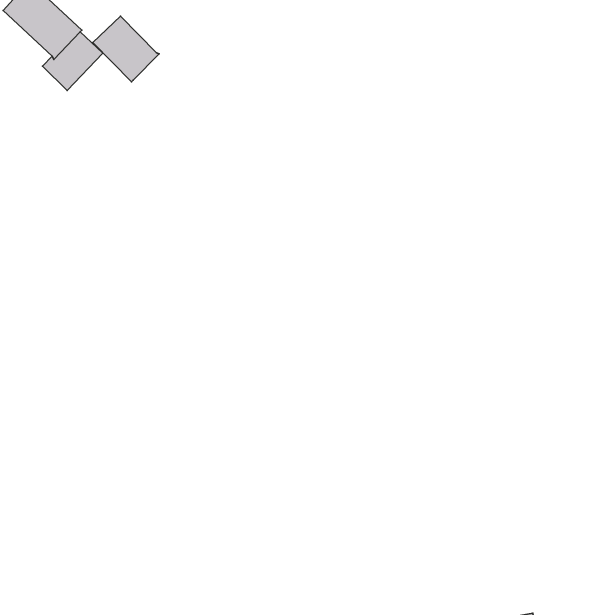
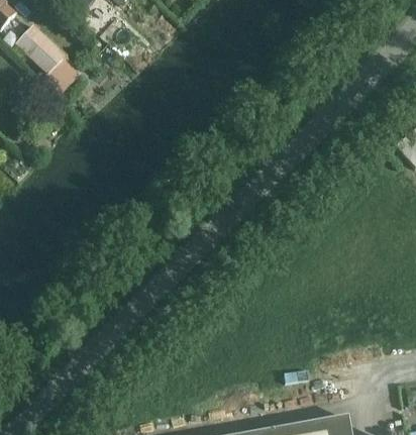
building: [93,16,159,82] -> none

